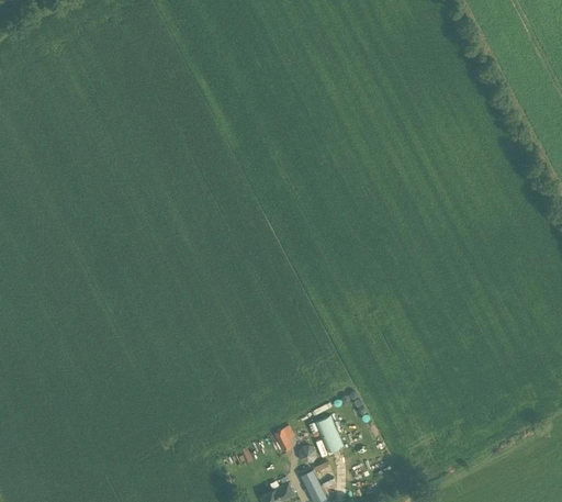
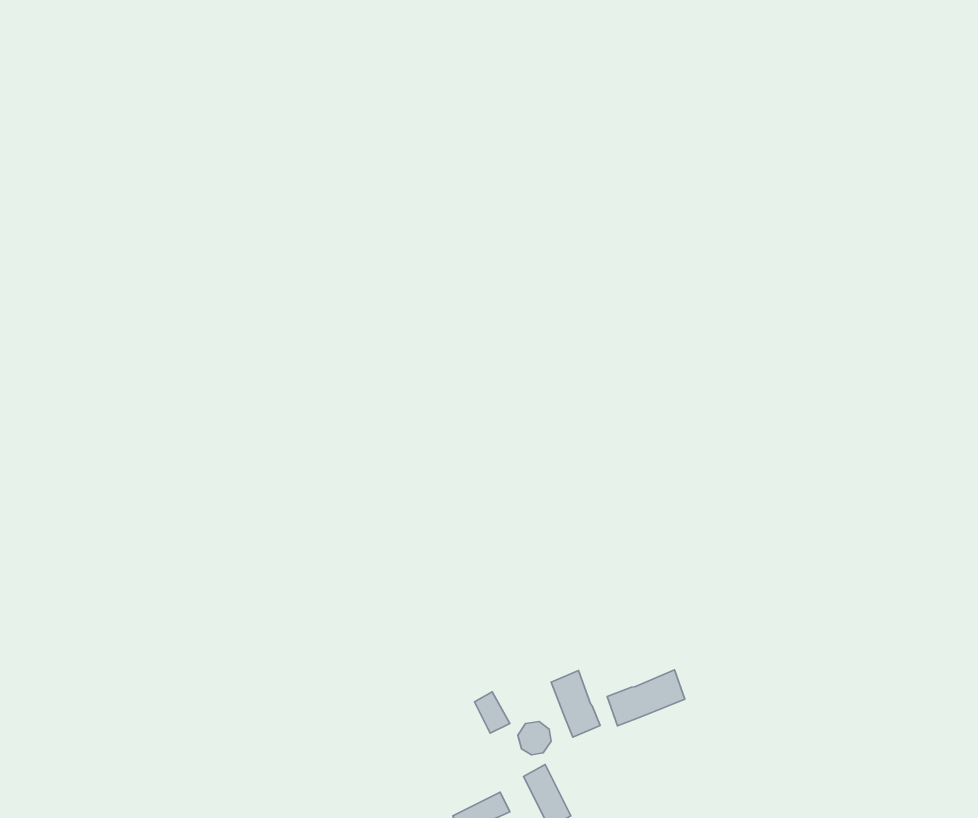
building: none -> [607,670,685,726]

